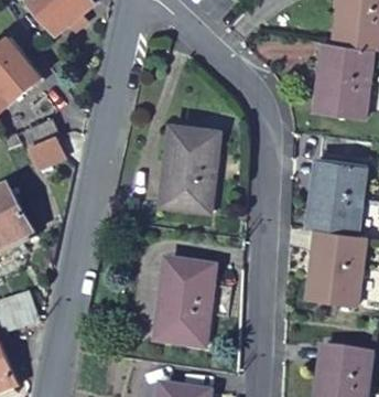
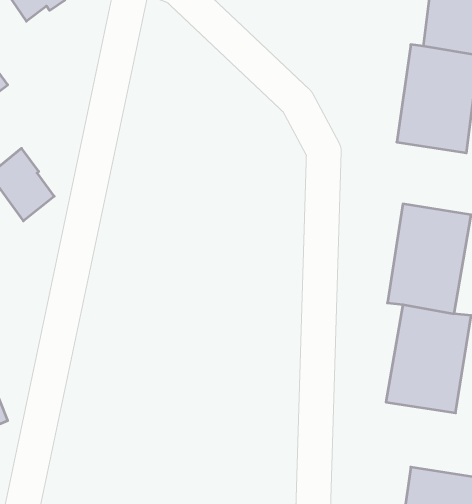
building: [159,125,218,211] -> none
building: [155,258,213,346] -> none

